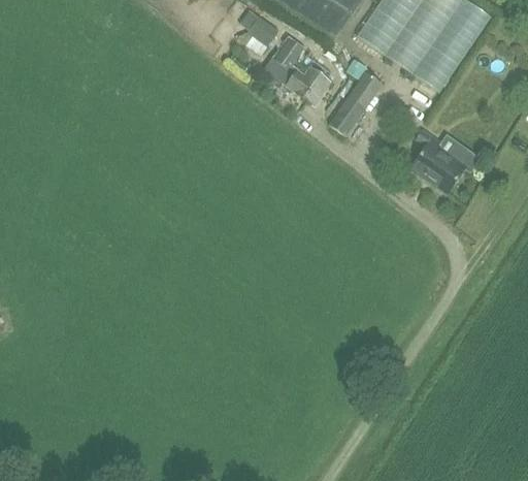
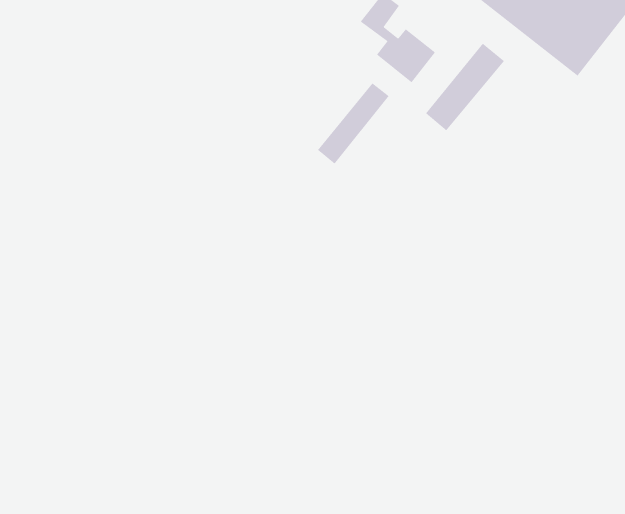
building: none -> [317,83,389,165]
building: [410,128,465,191] -> none

